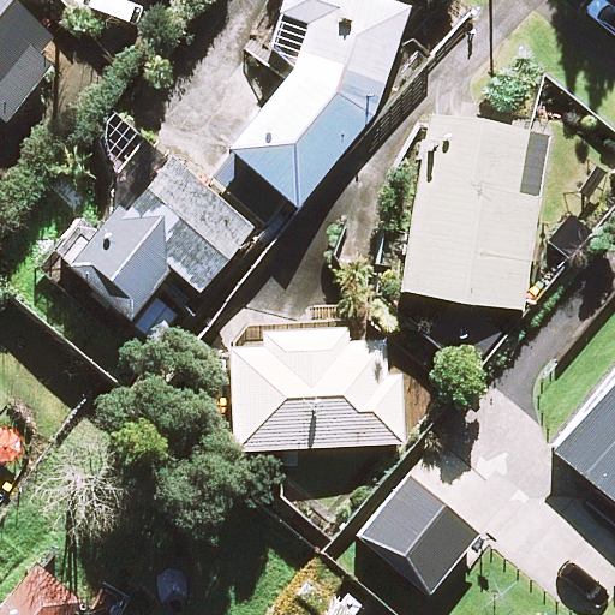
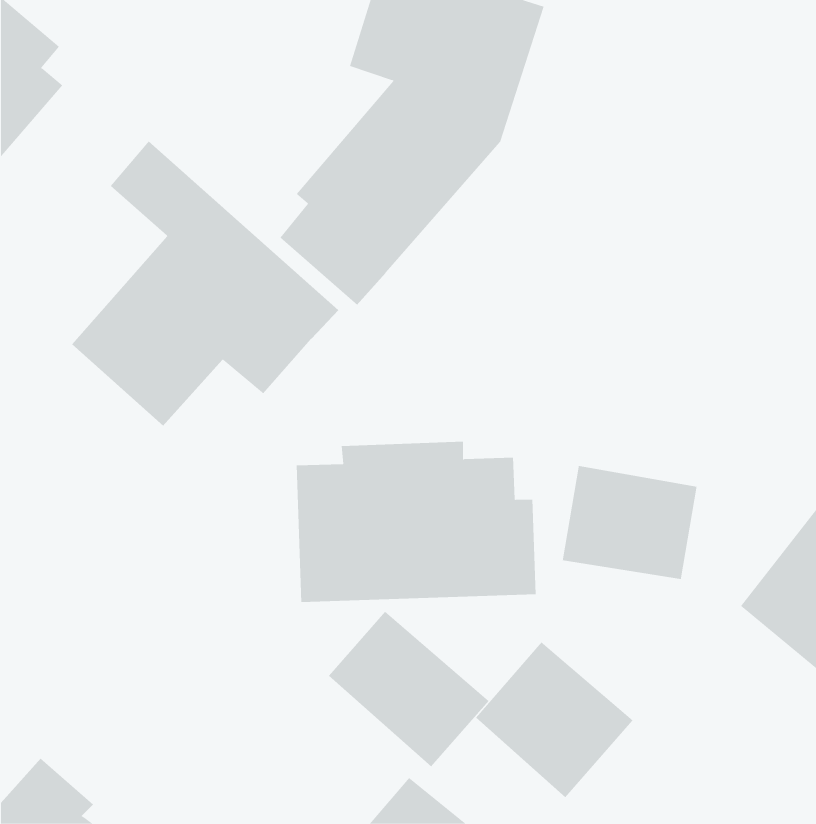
building: [398,119,548,315] -> none
building: none -> [562,465,697,580]
building: none -> [328,611,489,767]

